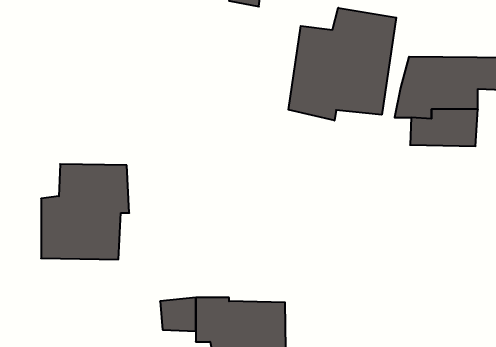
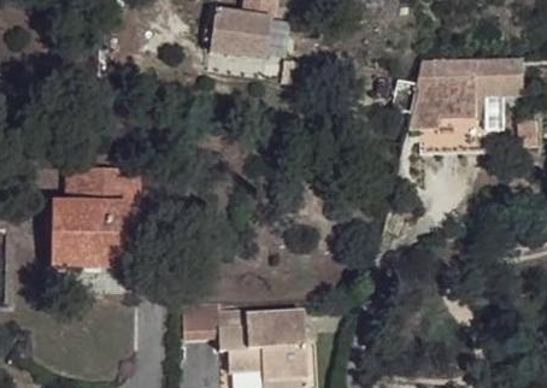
building: [288,8,396,121] -> none
building: none -> [217,12,280,60]

